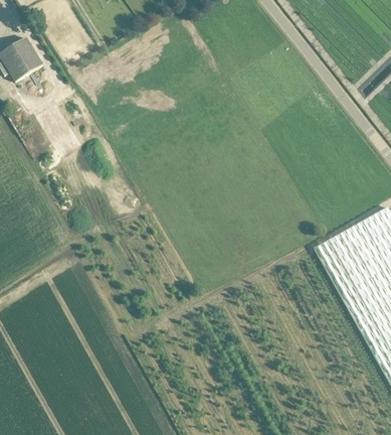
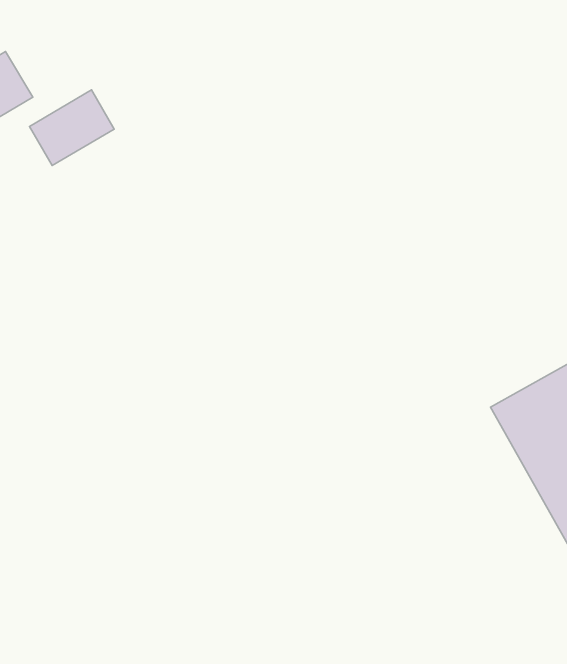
building: none -> [29,90,114,166]

